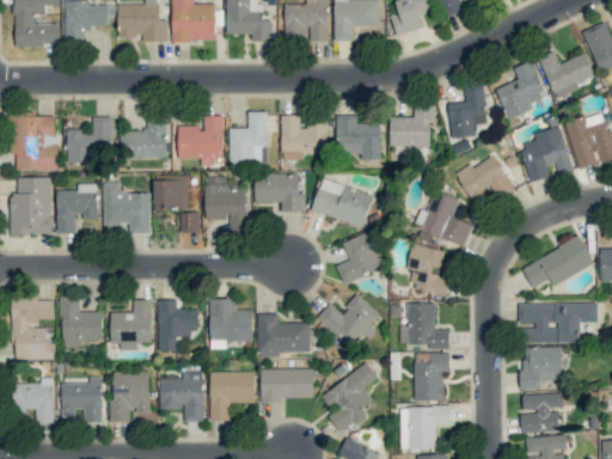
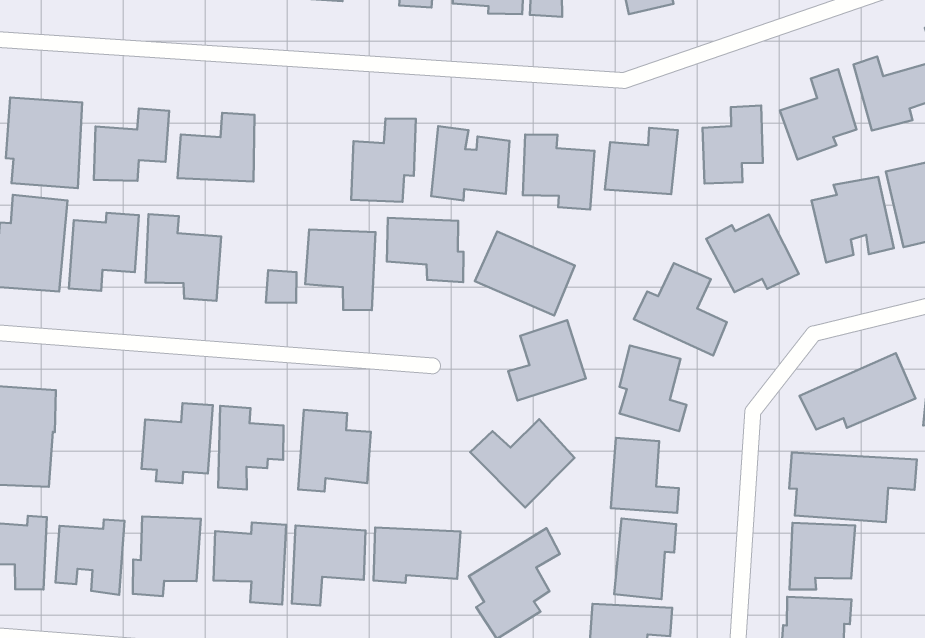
building: [179,116,224,166] -> none
building: [154,175,189,212] -> none
building: [61,296,104,347] -> none
building: [258,313,311,357] -> none

